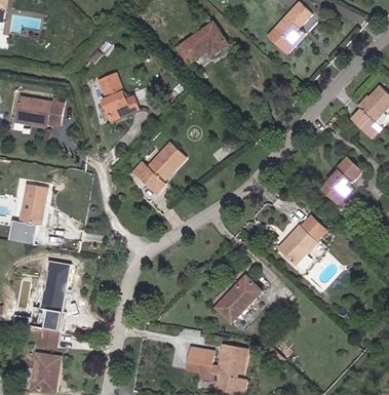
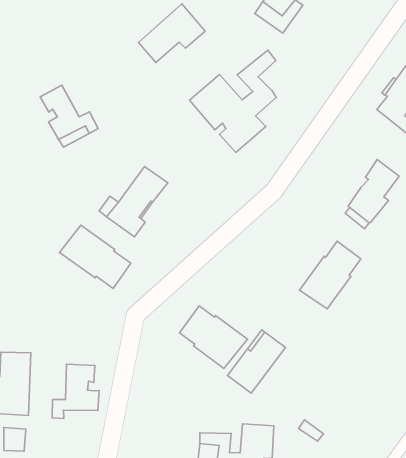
building: none -> [190,50,276,152]
building: none -> [59,225,131,288]
building: none -> [180,306,247,369]
building: none -> [52,364,99,418]

